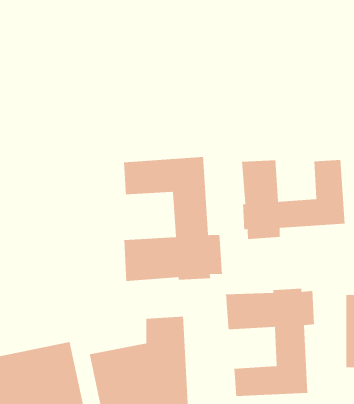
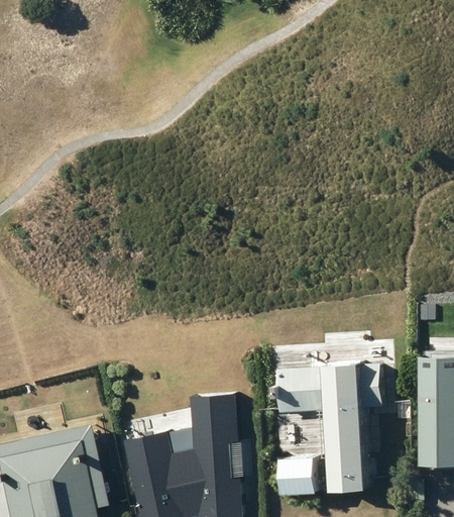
building: [123,156,223,282] -> none
building: [241,159,346,240] -> none

